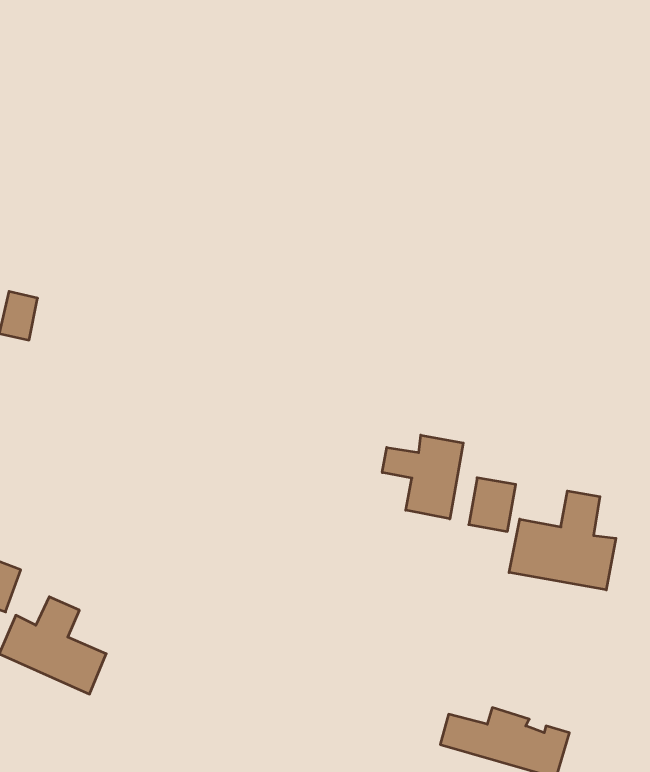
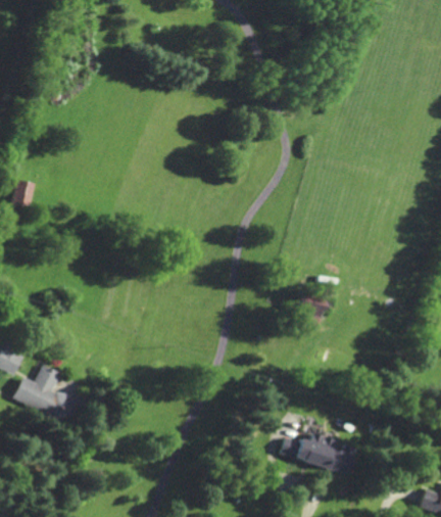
building: [382,435,463,519] -> none
building: [509,491,616,590] -> none

